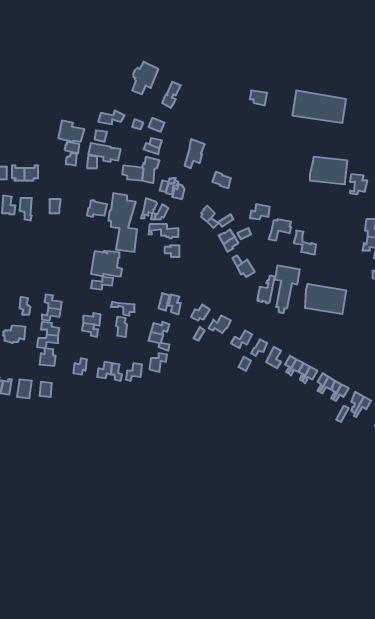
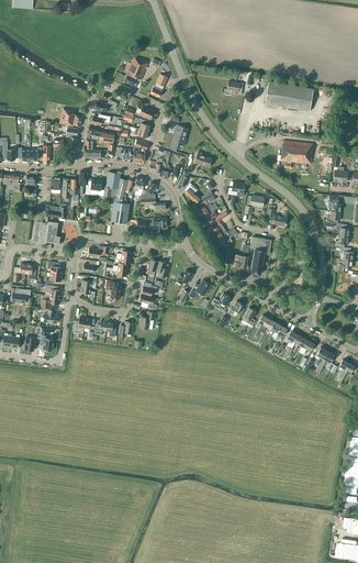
building: [91,251,122,276] -> [33,221,60,243]
building: [305,284,346,314] -> none

